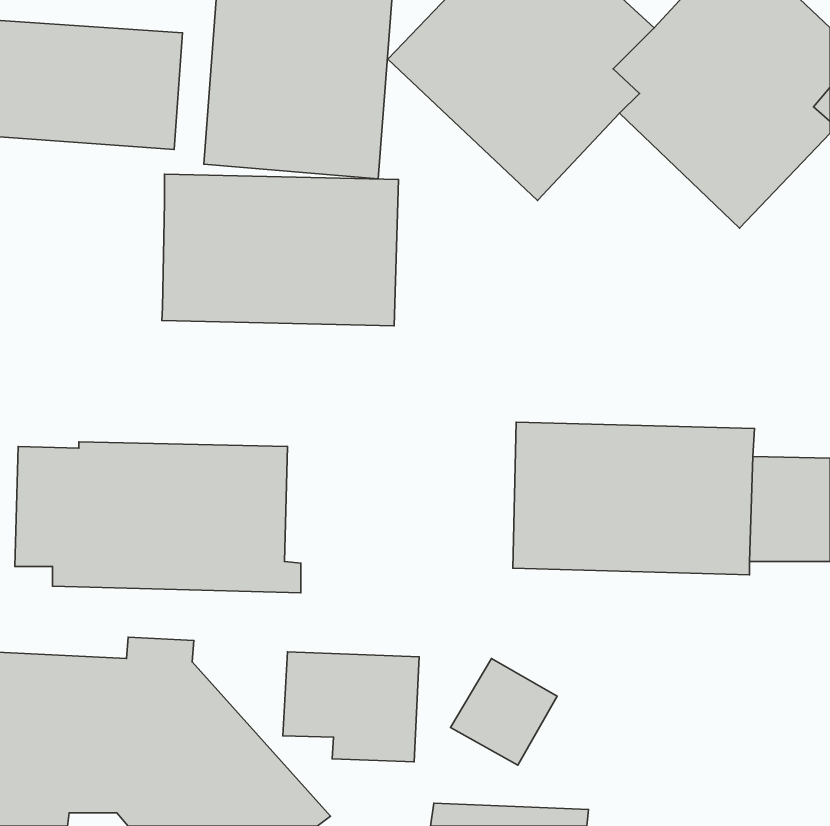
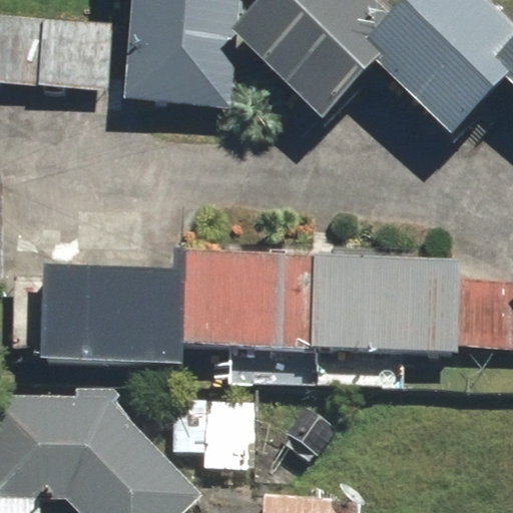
building: [162,174,398,326] -> none
building: none -> [173,253,315,347]

